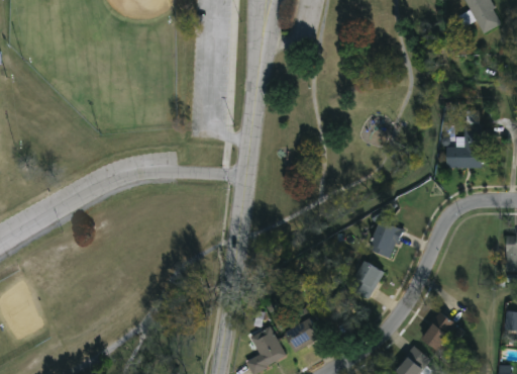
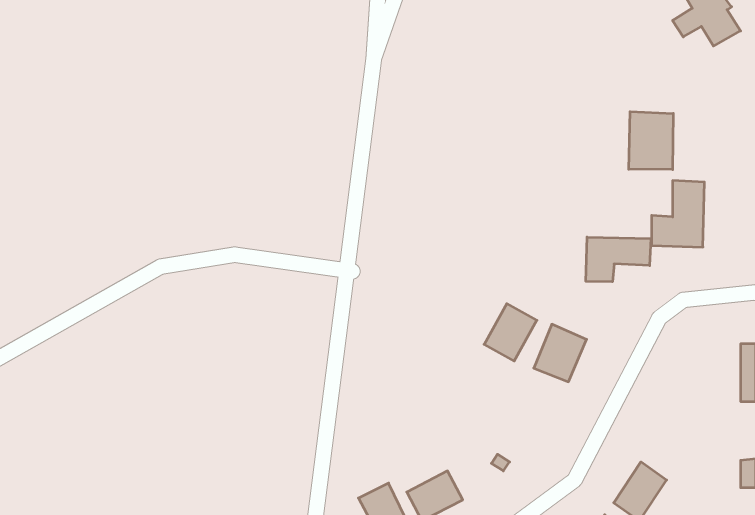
building: none -> [629,112,673,170]
building: none -> [586,237,651,282]
building: [347,262,383,300] -> [484,304,537,361]

